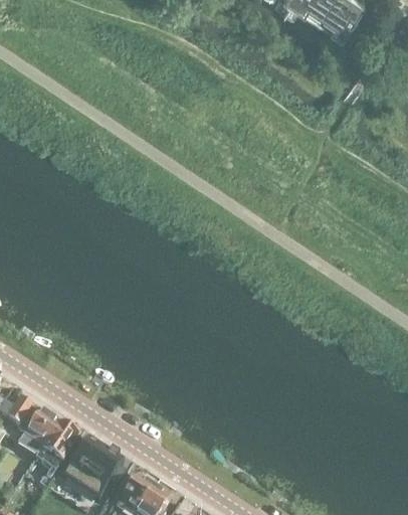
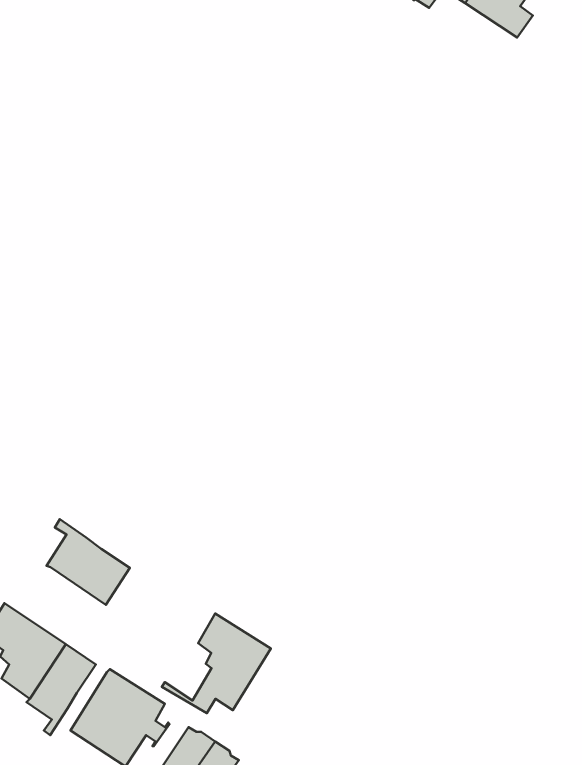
building: none -> [46,519,130,605]
building: none -> [162,614,271,713]

